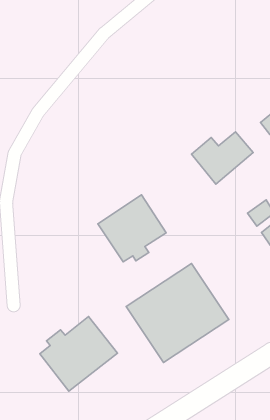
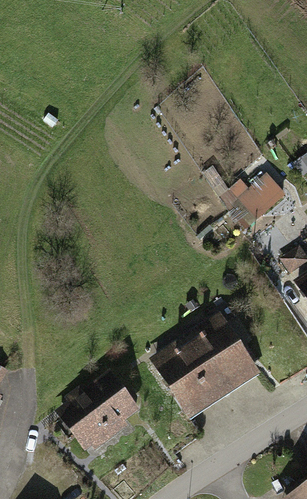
building: [98,195,166,262] -> none

